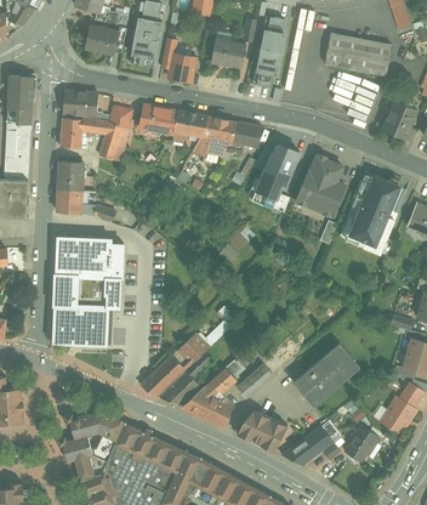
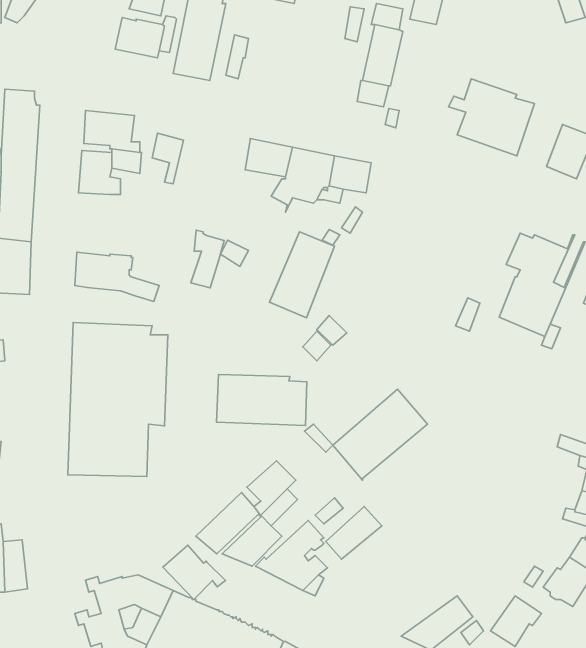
building: [324,34,391,75] -> none
building: [211,40,245,68] -> none
building: [167,55,194,83] -> none
building: [140,106,177,136] -> none
building: [98,120,121,160] -> [191,230,224,288]
building: [254,142,298,202] -> [270,232,334,318]
building: [296,157,345,216] -> none
building: [57,161,81,192] -> none
building: none -> [217,374,307,425]
building: [292,345,358,408] -> [333,389,427,480]
building: none -> [163,545,225,599]
building: [235,410,286,453] -> none

